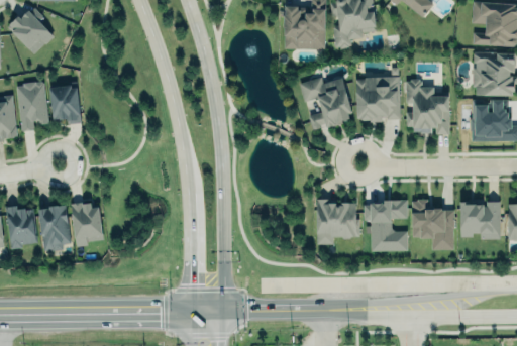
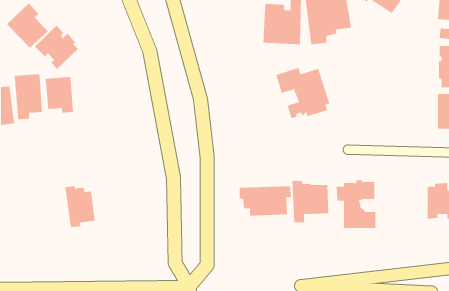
building: none -> [34,25,79,70]
building: [356,67,401,122] -> none
building: [407,79,449,134] -> none
building: [413,199,454,251] -> none
building: none -> [239,186,292,216]
building: [6,206,37,247] -> none
building: [39,207,70,251] -> none

